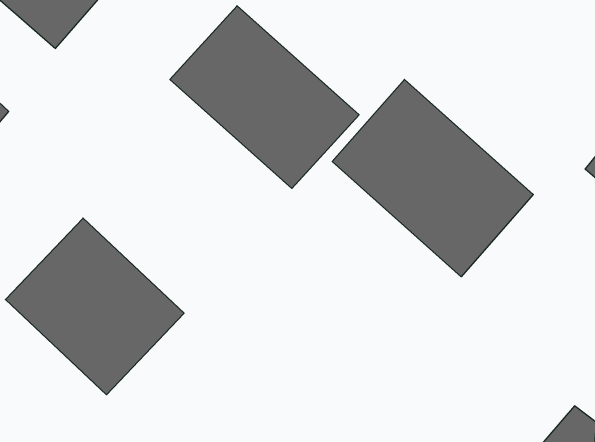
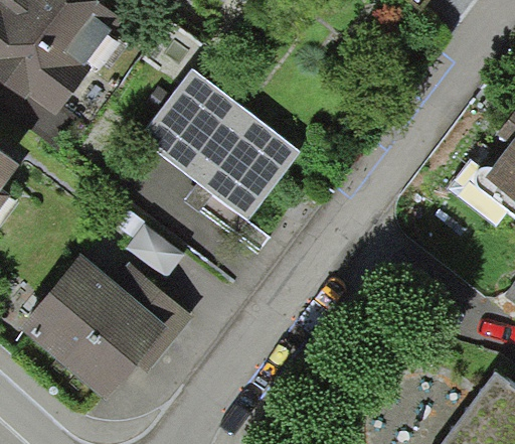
building: [332,79,533,277] -> none

